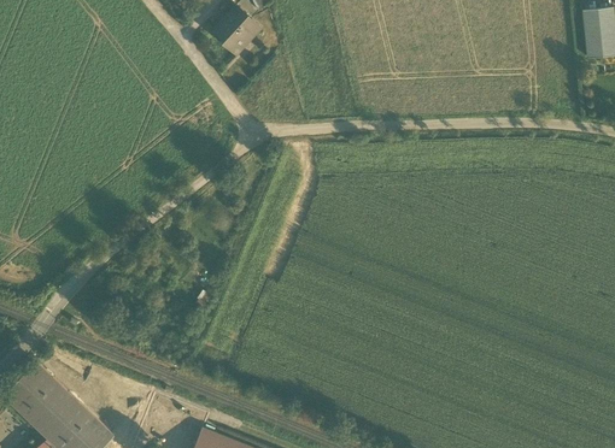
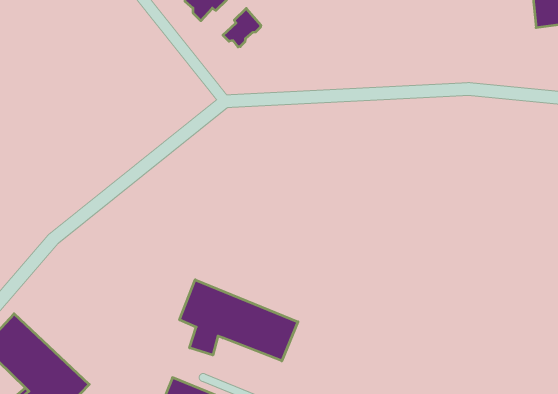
building: none -> [223,8,261,47]
building: none -> [180,280,298,361]

